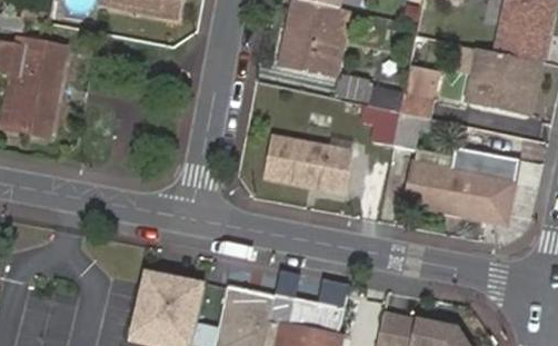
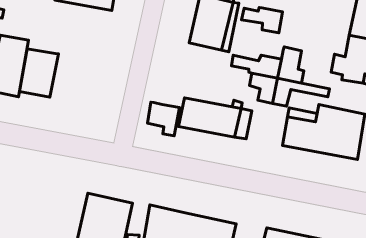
building: none -> [242,8,283,33]
building: none -> [20,49,58,97]
building: none -> [147,102,180,136]

